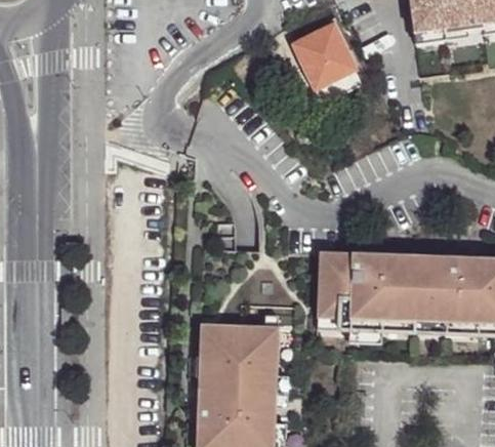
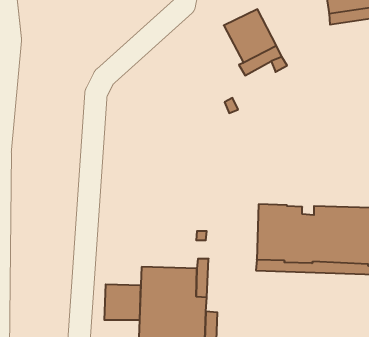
building: none -> [104,284,141,320]

